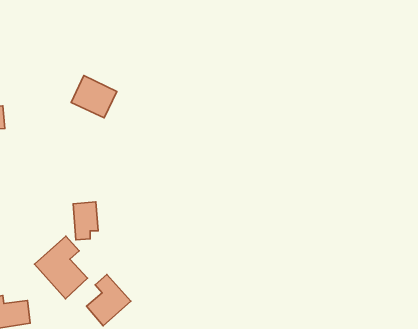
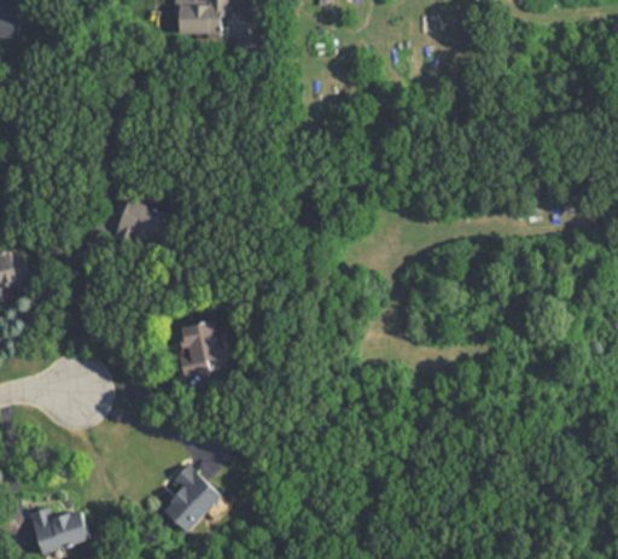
building: [73,202,98,240] -> [180,320,217,374]
building: [34,236,87,299] -> none

